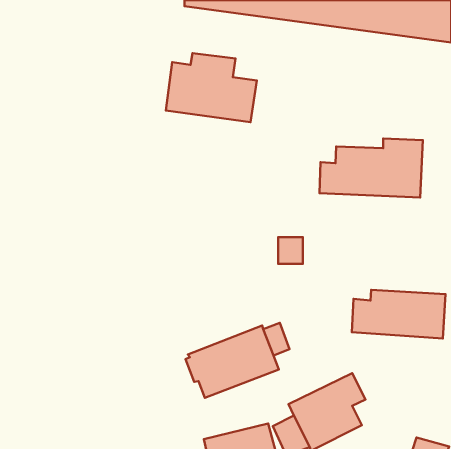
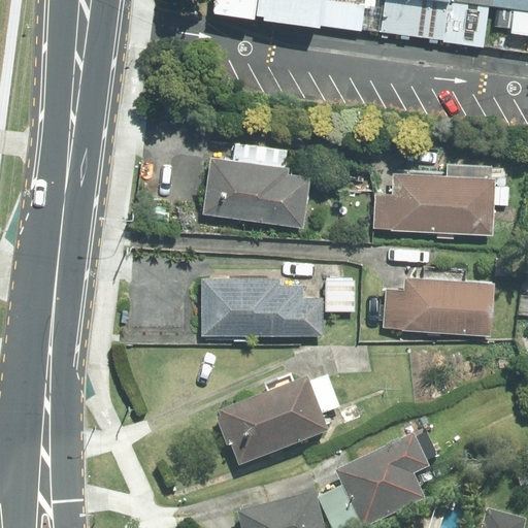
building: [166,53,257,122] -> [203,145,309,226]
building: none -> [202,278,321,334]
building: [352,290,445,338] -> [383,277,492,334]

